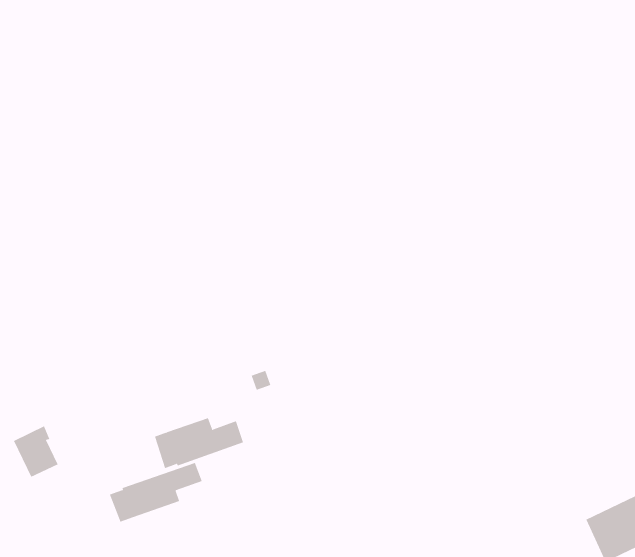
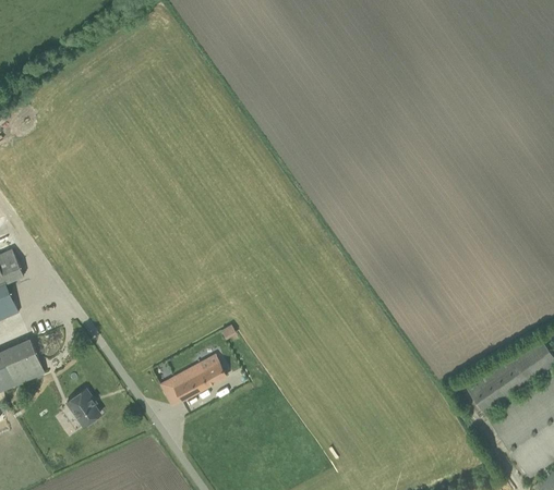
building: [109,462,203,523] -> none

